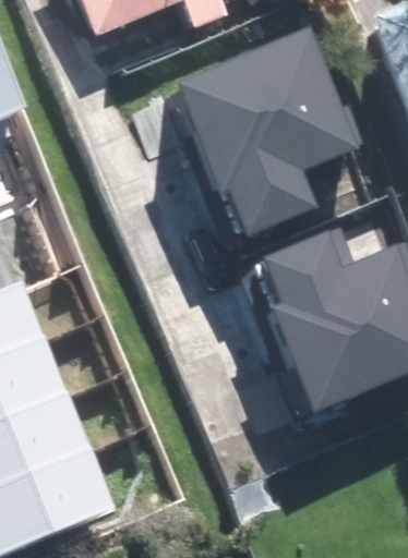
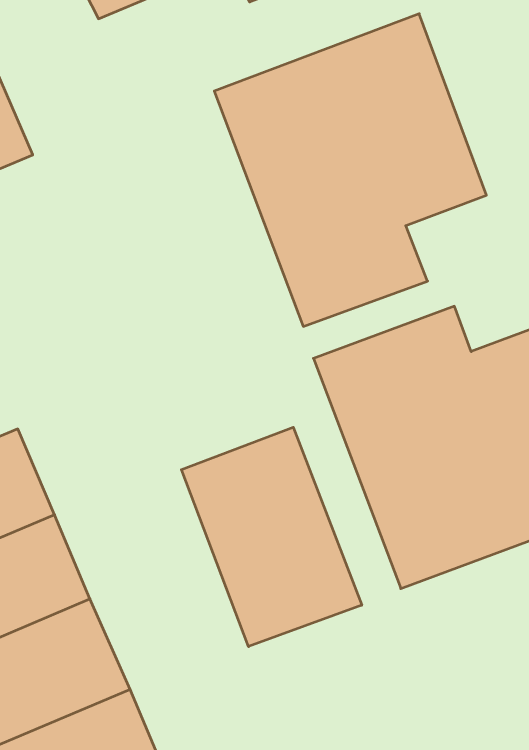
building: none -> [181,427,362,647]

